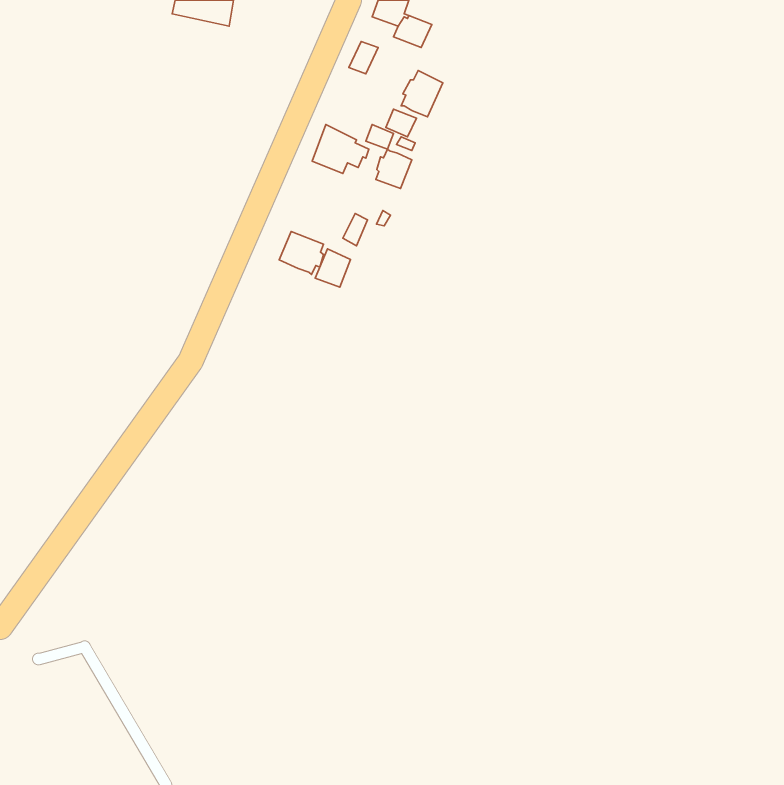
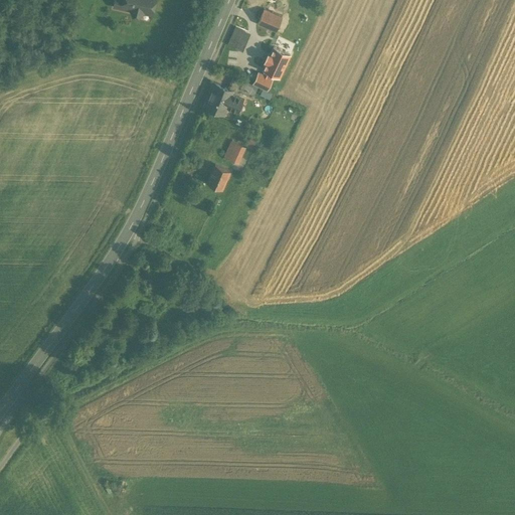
building: [376,149,412,188] -> none
building: [279,231,323,274] -> none

